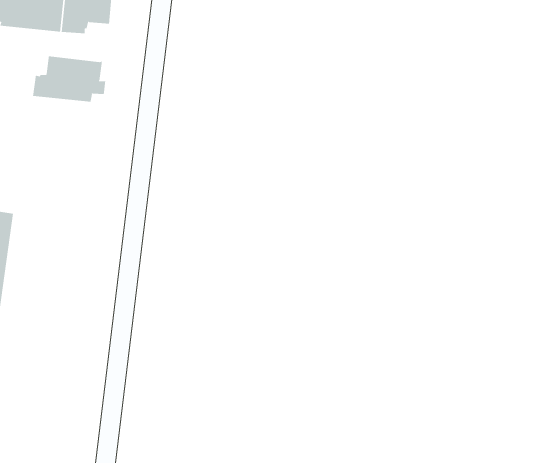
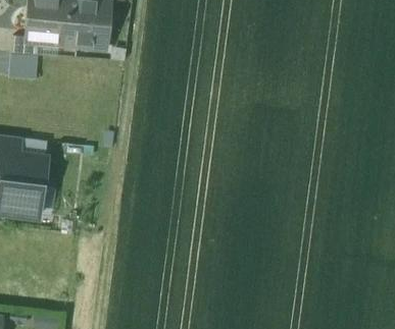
building: [32,55,106,103] -> none

